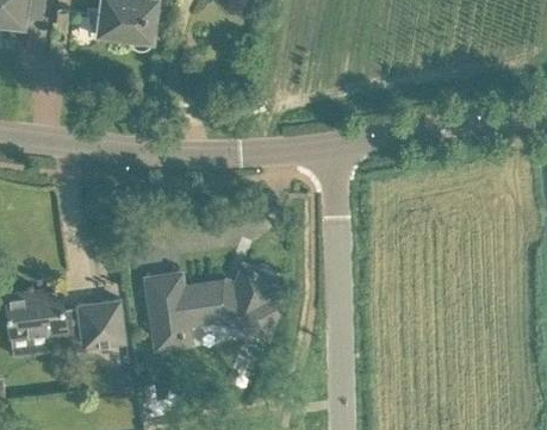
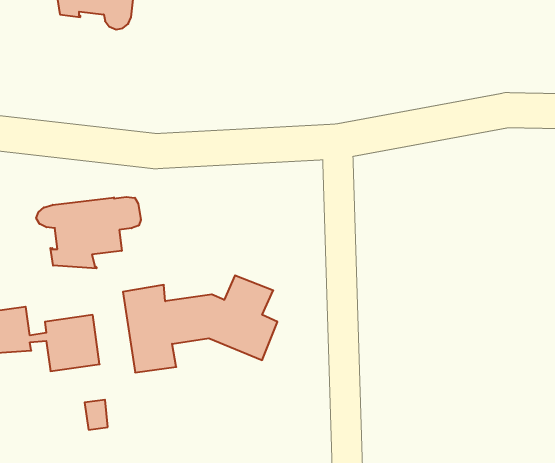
building: none -> [36,197,141,268]

